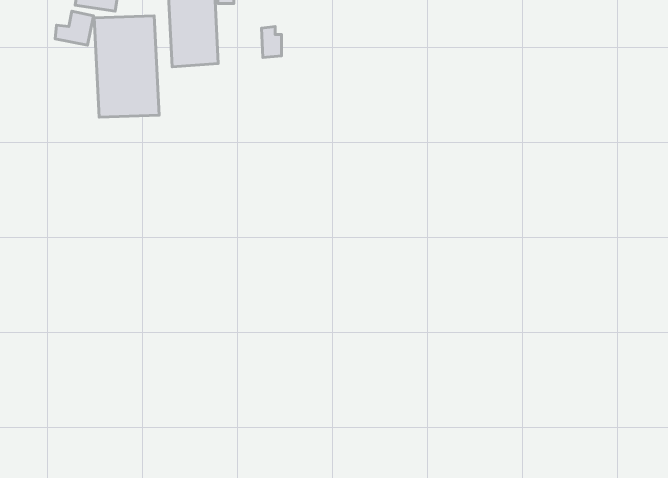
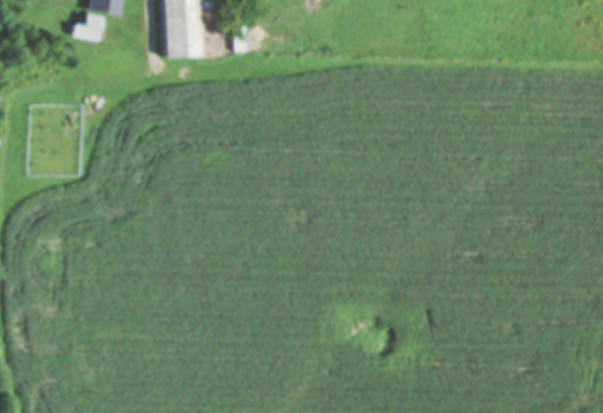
building: [94,16,159,117] -> none

